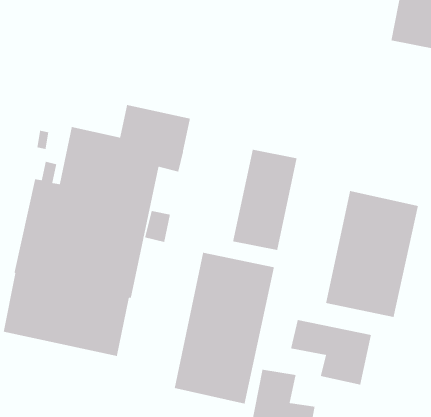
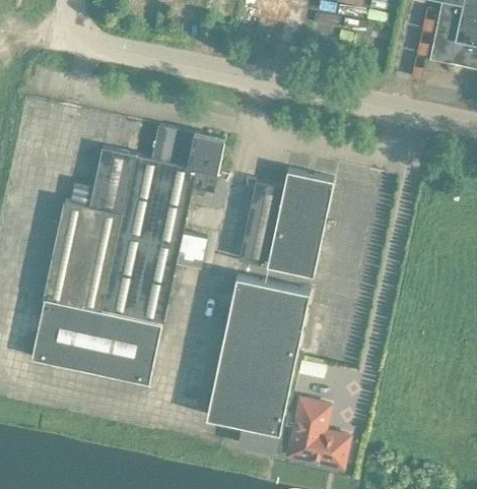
building: none -> [236,181,279,265]
building: [325,190,419,318] -> none
building: [290,319,372,385] -> none

